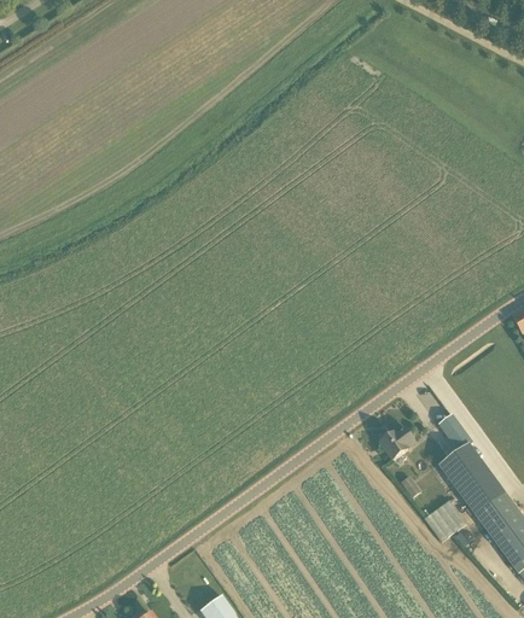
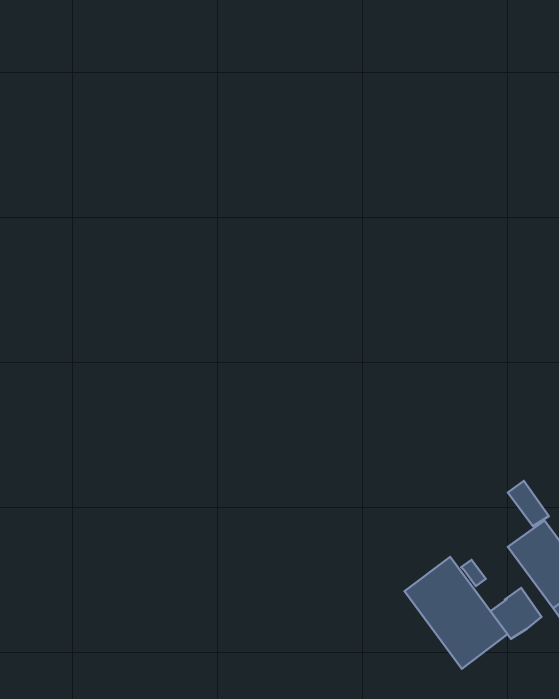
building: [379,427,417,460] -> none
building: none -> [405,557,507,669]

